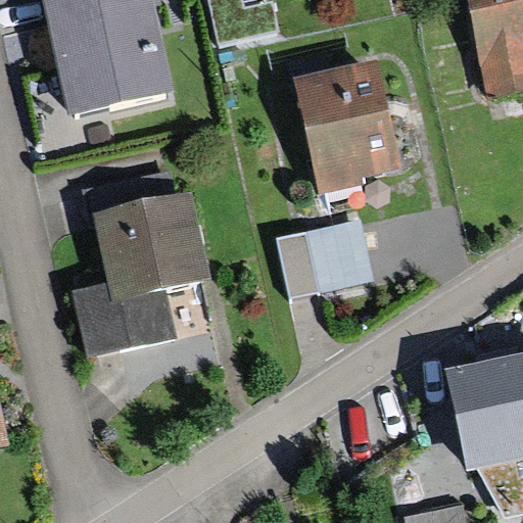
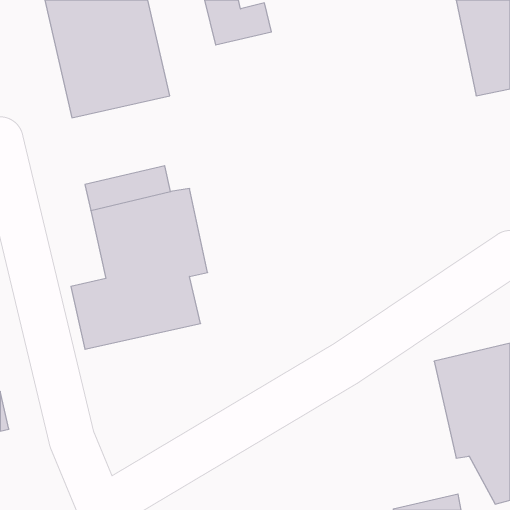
building: [292,55,402,194] -> none
building: [278,222,373,297] -> none

